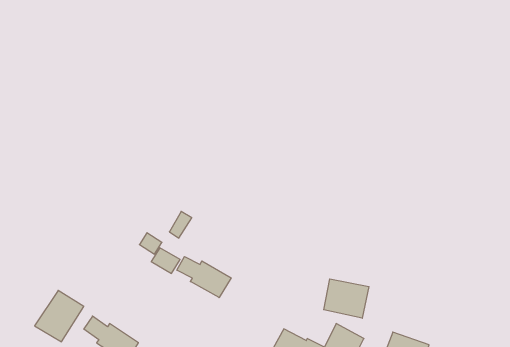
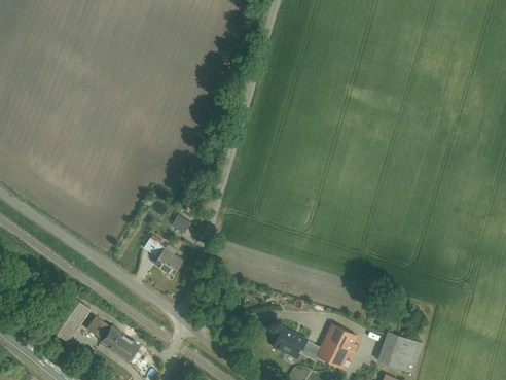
building: [177,257,231,298] -> none
building: [324,279,369,318] -> none

